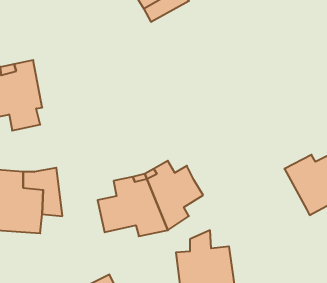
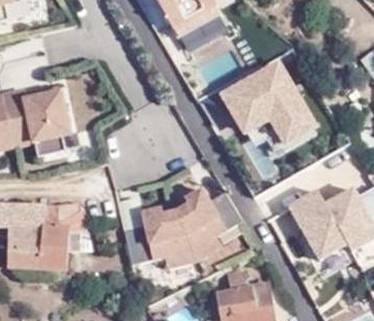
building: none -> [219,59,313,147]
building: none -> [289,191,347,258]

